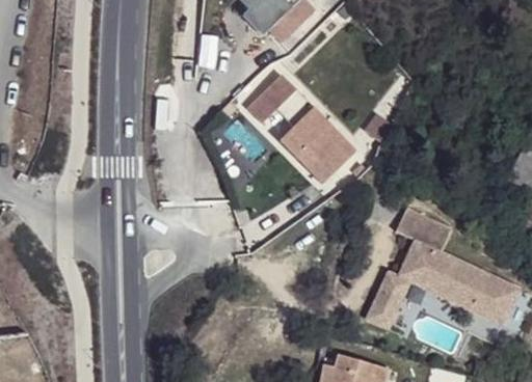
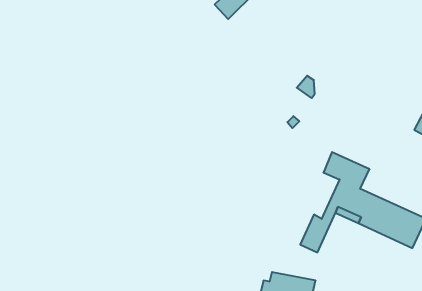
building: [245,77,353,185] -> none

